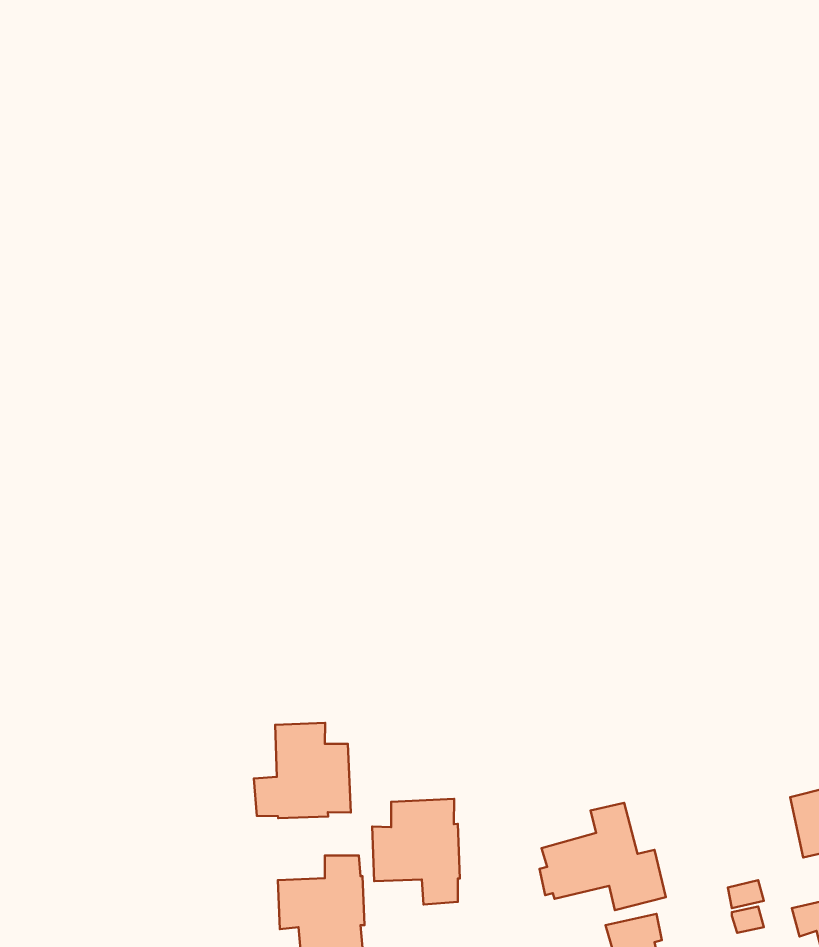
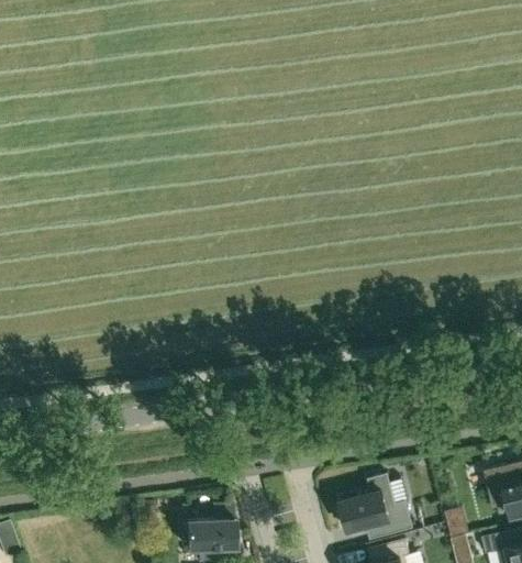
building: [254,723,351,818] -> none
building: [372,799,460,905] -> none

